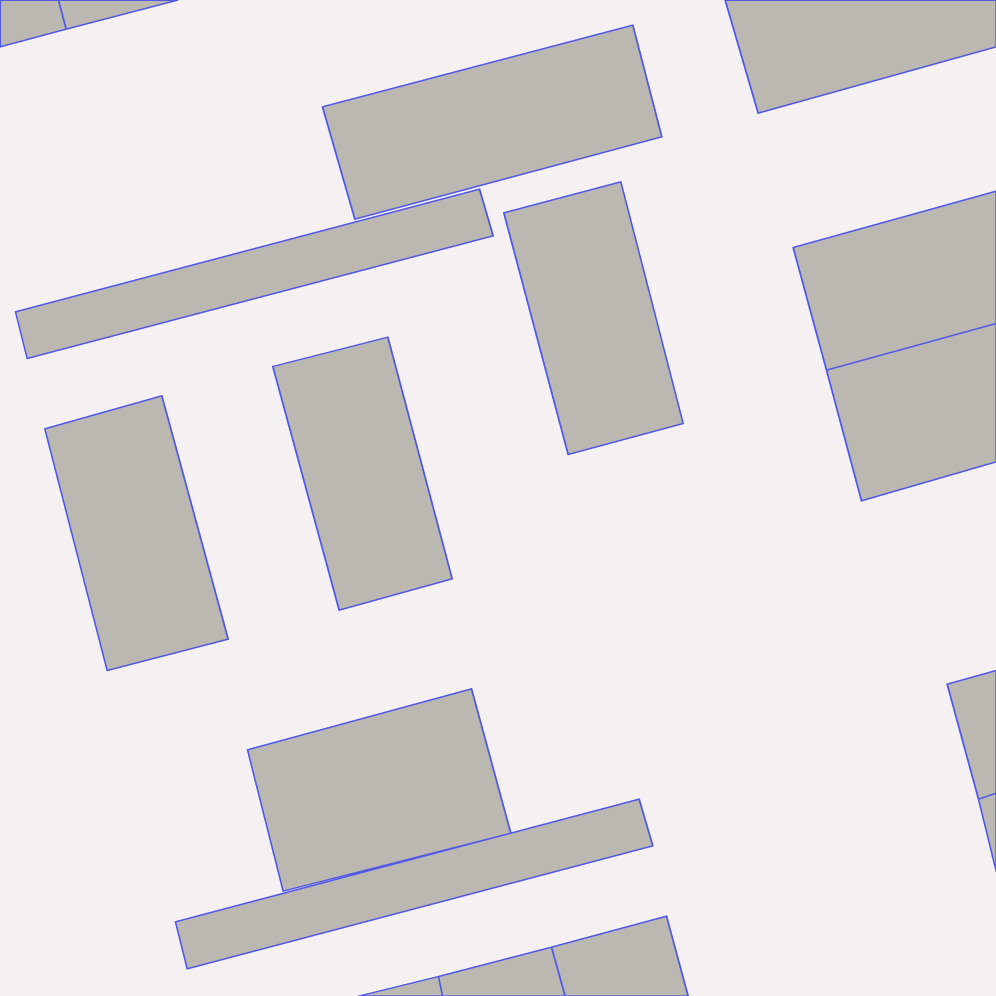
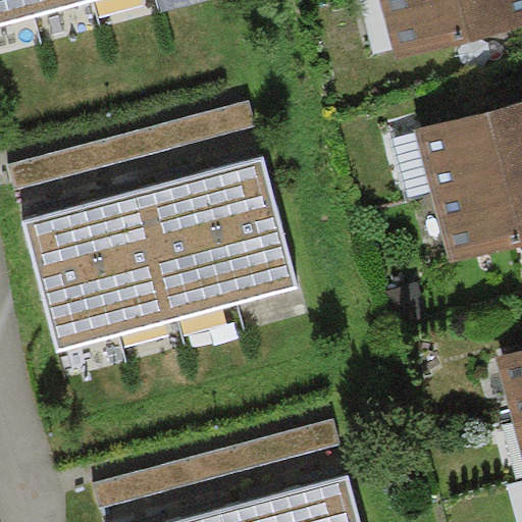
building: [323,25,662,219] -> none
building: [504,182,683,455] -> [203,160,297,303]
building: none -> [85,192,177,334]
building: [248,689,511,891] -> none

